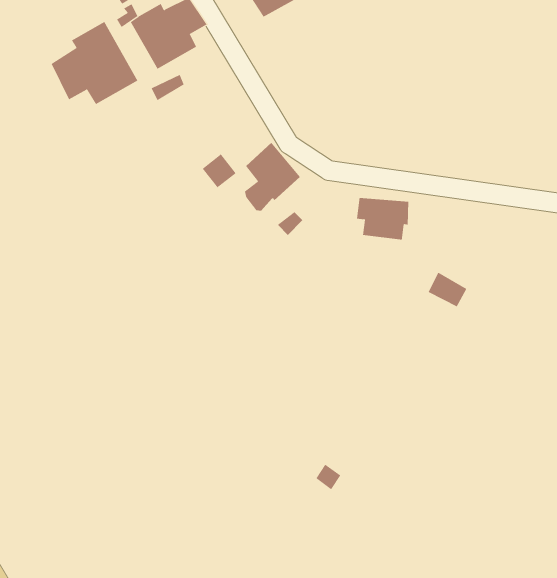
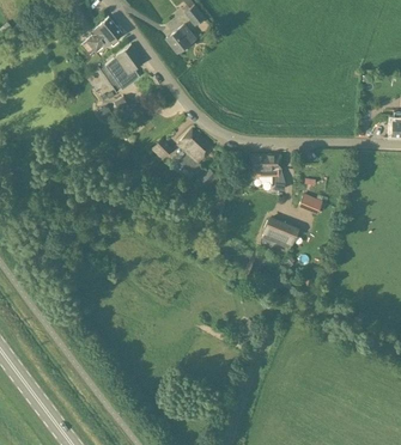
building: [51,21,138,105] -> none
building: none -> [262,215,298,249]

